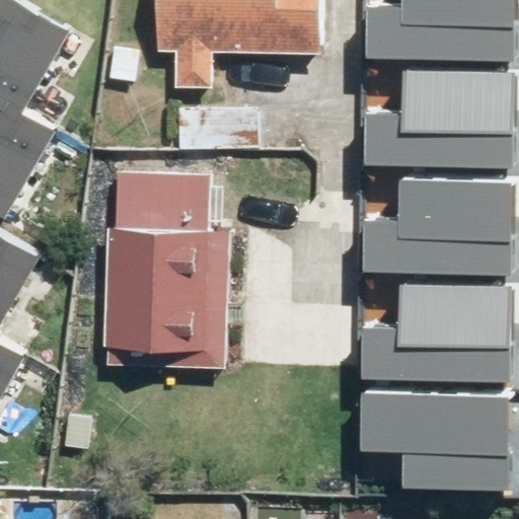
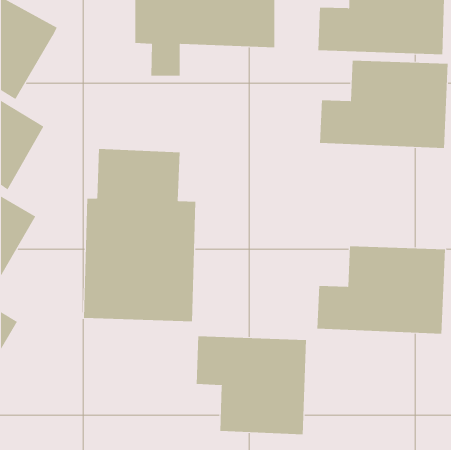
building: [365,179,513,281] -> none
building: none -> [196,336,307,435]
building: [360,391,510,489] -> none

